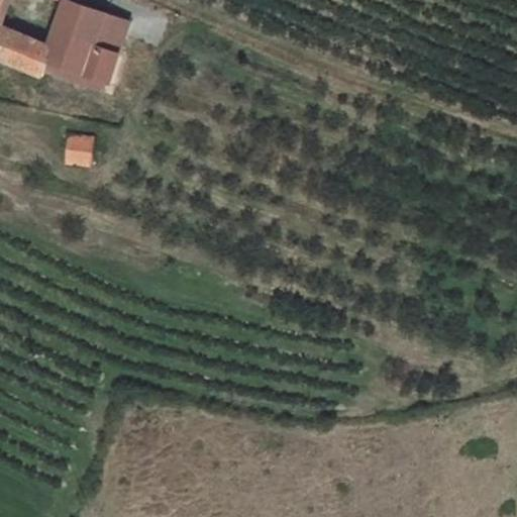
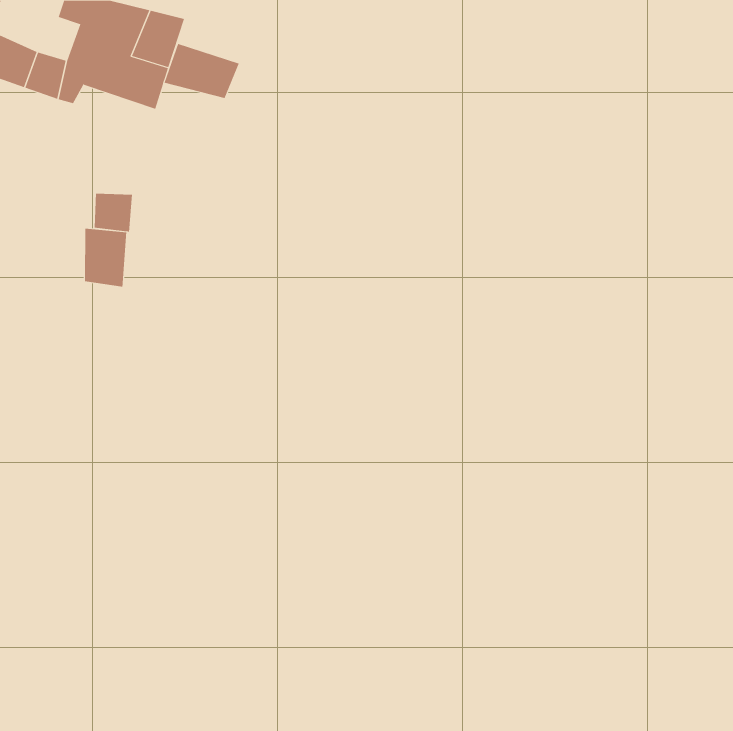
building: none -> [164,43,240,99]
building: none -> [84,228,127,287]

